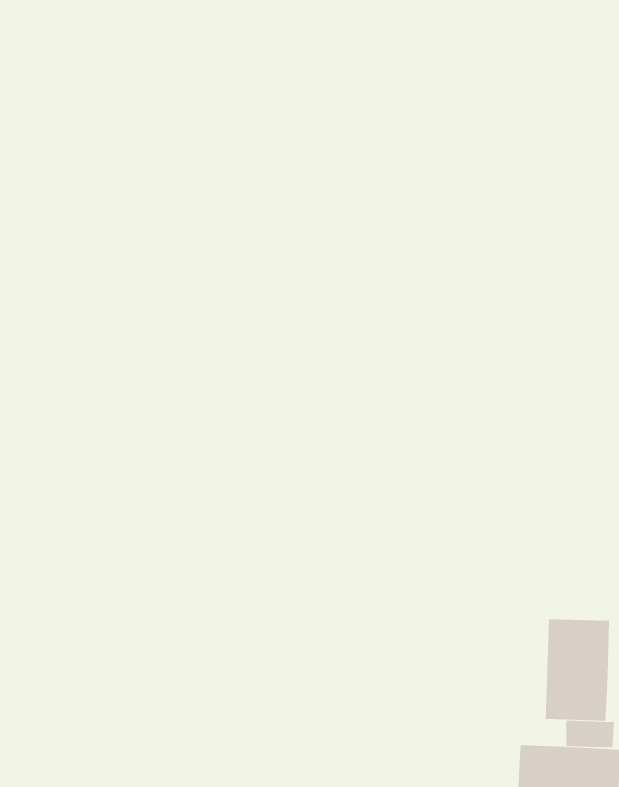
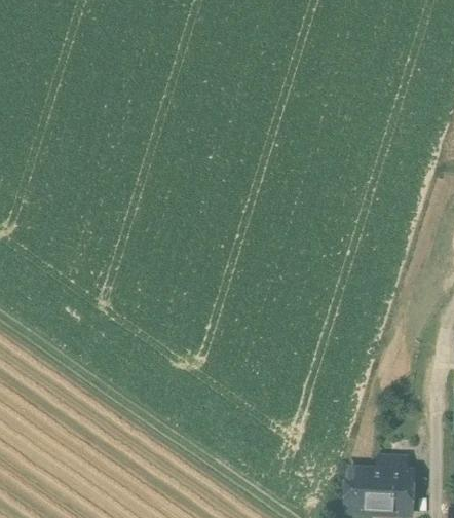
building: [545,618,609,721] -> none

